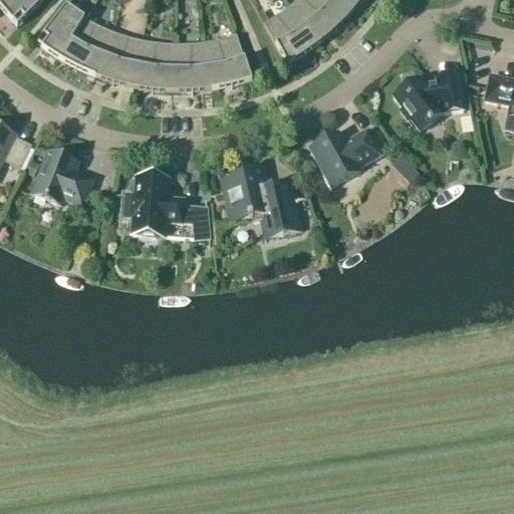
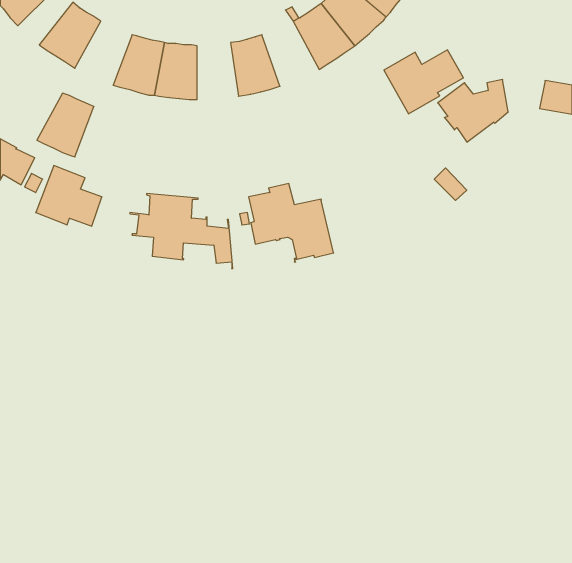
building: [67,19,118,76] -> [37,93,94,157]
building: [177,38,214,89] -> none
building: [309,126,380,184] -> [384,50,463,114]

